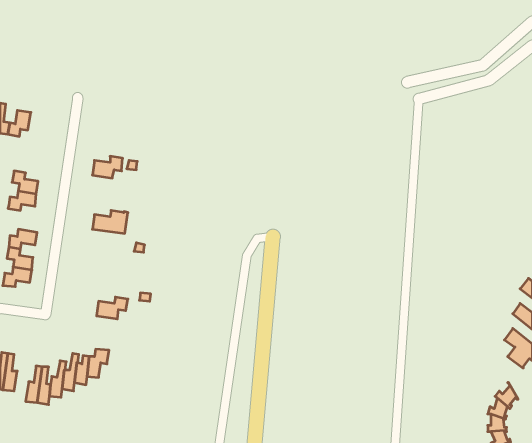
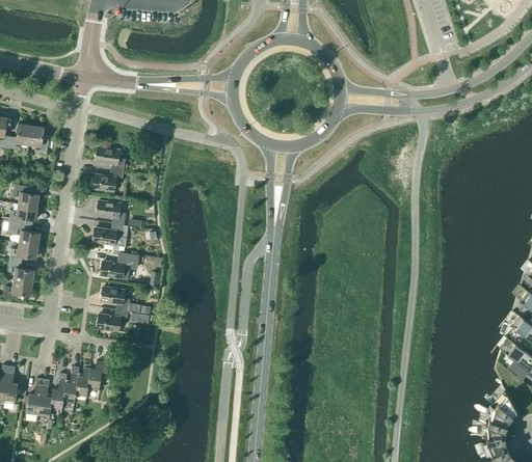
building: none -> [28,126,49,153]
building: none -> [96,146,125,171]
building: none -> [97,199,126,225]
building: none -> [7,221,39,245]
building: none -> [101,256,131,278]
building: none -> [101,287,130,311]

